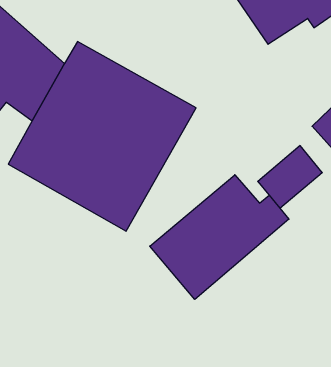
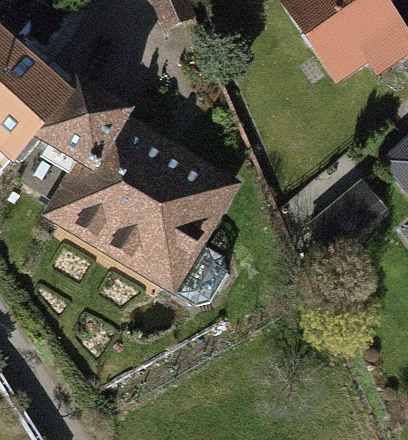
building: [150,175,289,299] -> none

